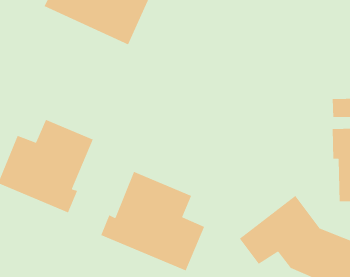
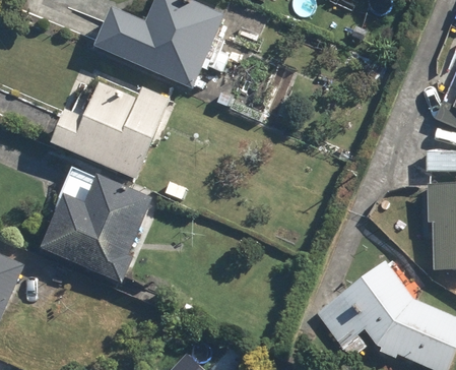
building: none -> [49,81,170,180]
building: [100,171,205,272] -> none

